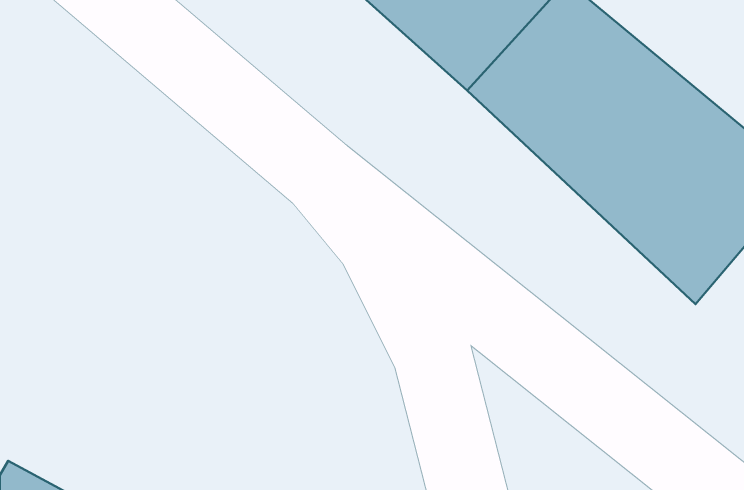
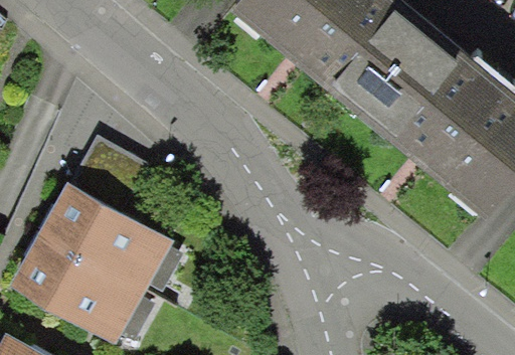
building: none -> [14,183,173,342]

